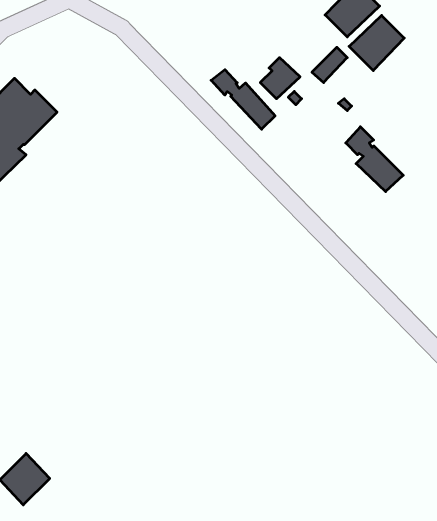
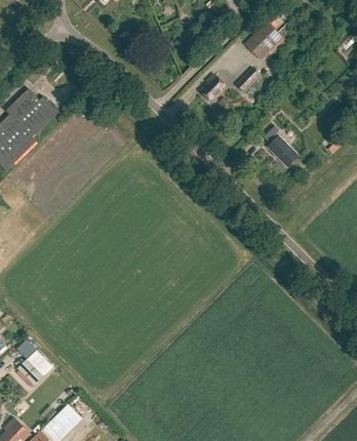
building: [349,15,404,71] -> none
building: [211,70,275,129] -> none

